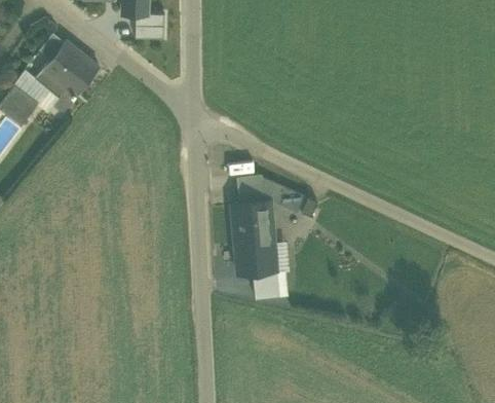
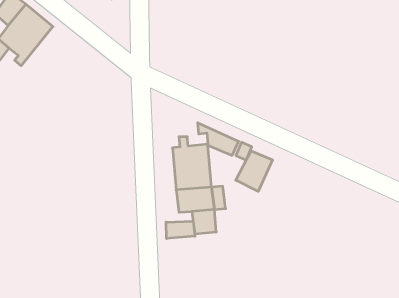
building: [236,173,270,199] -> none
building: none -> [236,151,273,191]
building: none -> [166,221,195,239]

